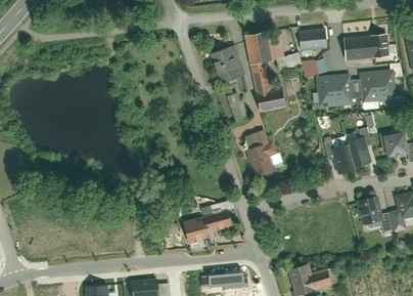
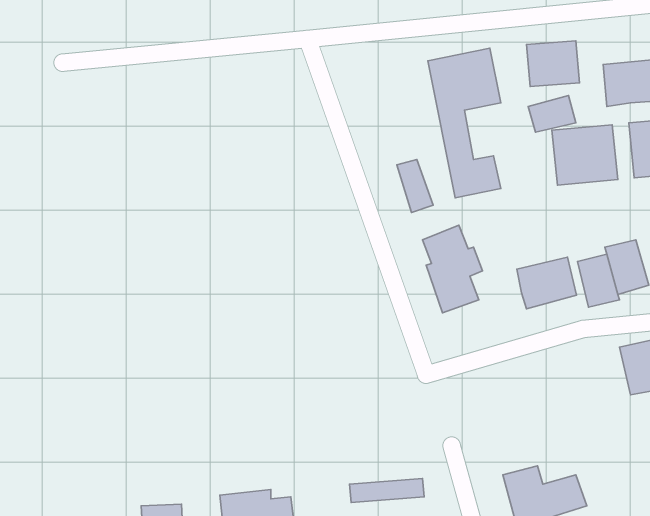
building: [212,46,245,84] -> none
building: none -> [517,257,577,309]
building: [184,210,233,244] -> none

